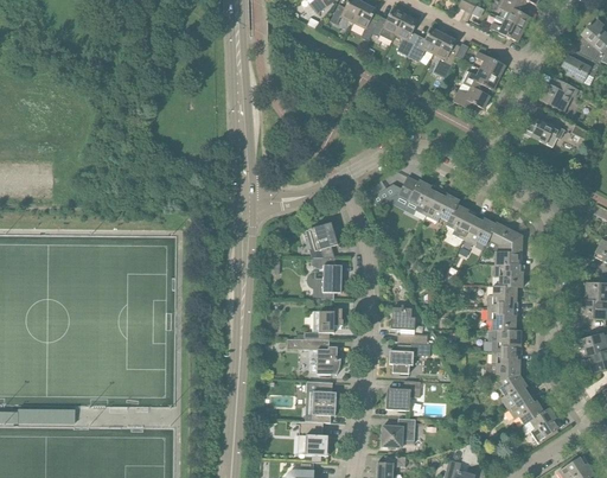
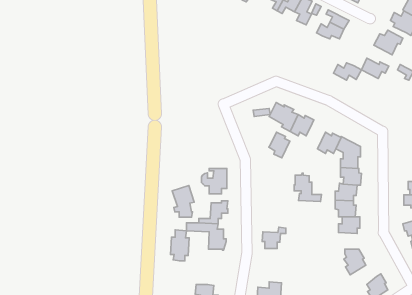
building: [453,87,491,110] -> [333,63,361,80]
building: [446,204,474,238] -> [269,132,290,158]
building: [308,222,338,265] -> [172,185,194,217]
building: [391,305,428,343] -> [294,173,322,201]
building: [491,351,519,374] -> none
building: [385,380,421,410] -> none
building: [312,381,337,422] -> [171,230,189,261]
building: [507,395,543,425] -> none

